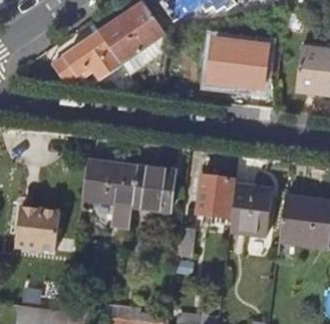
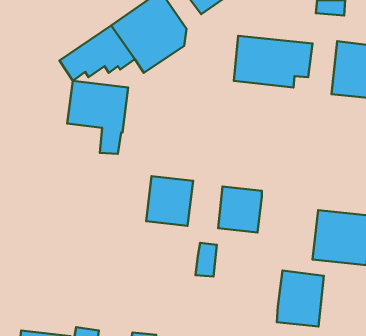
building: [82,160,136,226] -> [67,81,128,154]
building: [230,185,272,235] -> [277,270,324,327]
building: [14,207,59,251] -> none

